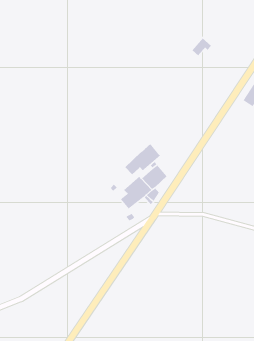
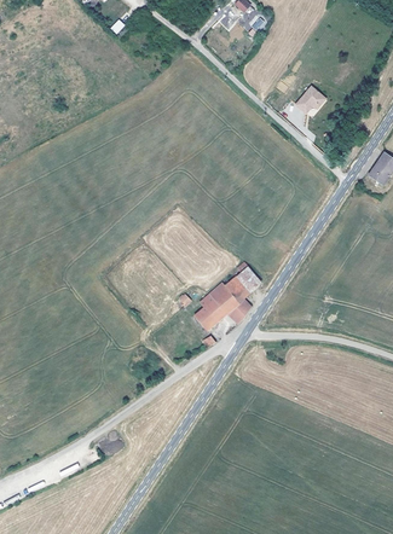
building: [125,143,161,175] -> none

